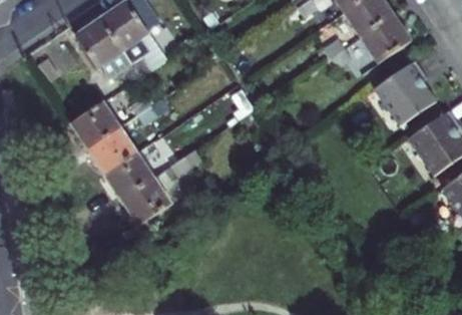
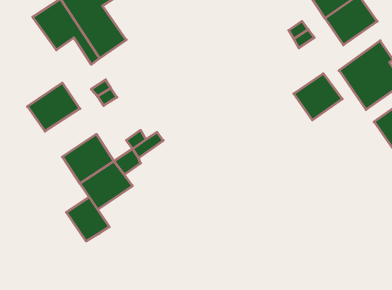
building: none -> [294,74,342,120]
building: [86,125,136,173] -> none
building: none -> [66,197,109,241]

